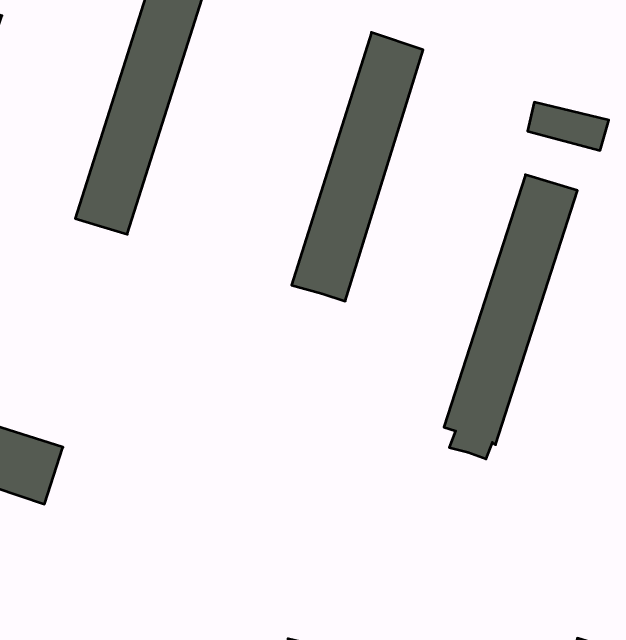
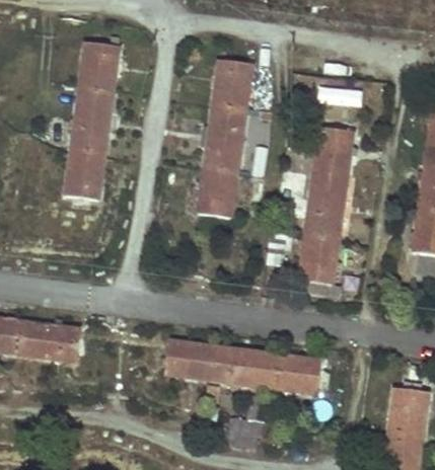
building: none -> [165,340,323,393]

